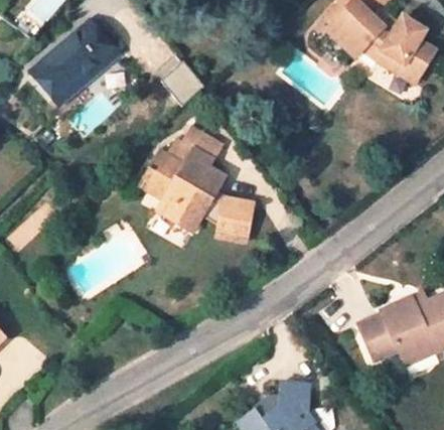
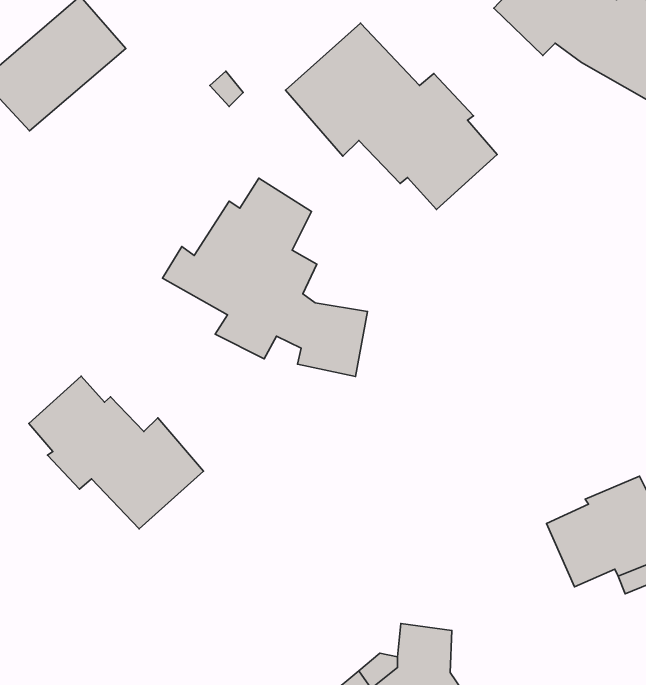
building: none -> [285,23,497,210]
building: none -> [29,376,204,529]

